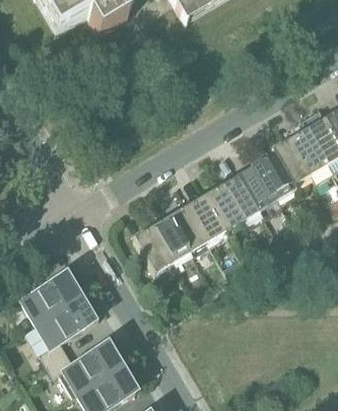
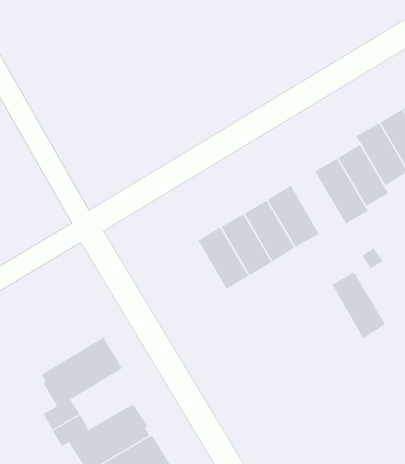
building: [226,169,267,220] -> [331,271,386,339]
building: [137,221,178,269] -> none
building: [23,273,86,323] -> none

